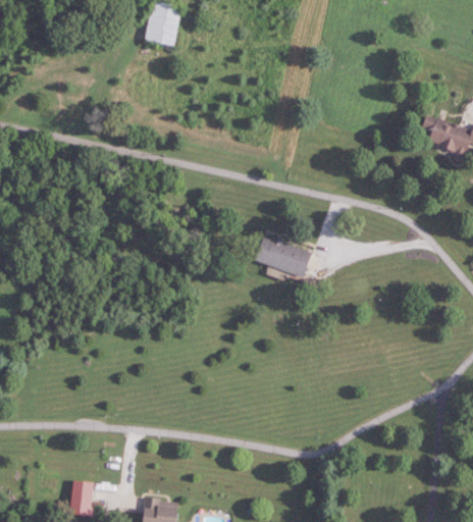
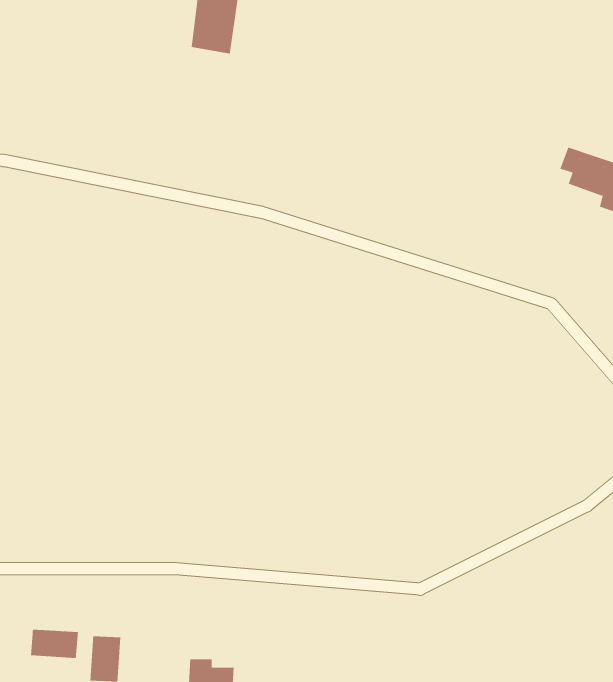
building: [256,237,312,277] -> none
building: none -> [31,629,78,659]

